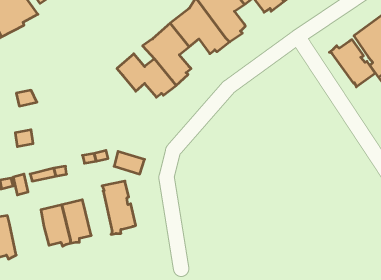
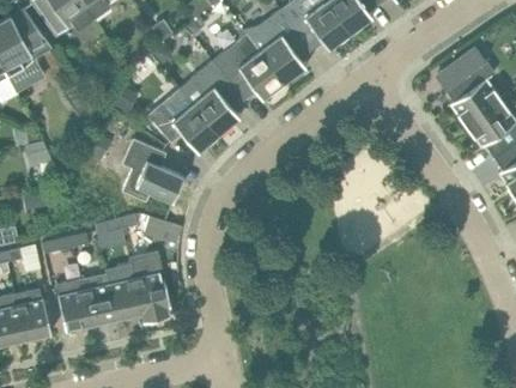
building: [329,40,375,87] -> none
building: none -> [121,139,180,204]
building: none -> [105,265,141,321]
building: none -> [14,289,50,342]

